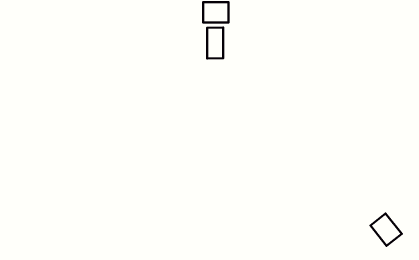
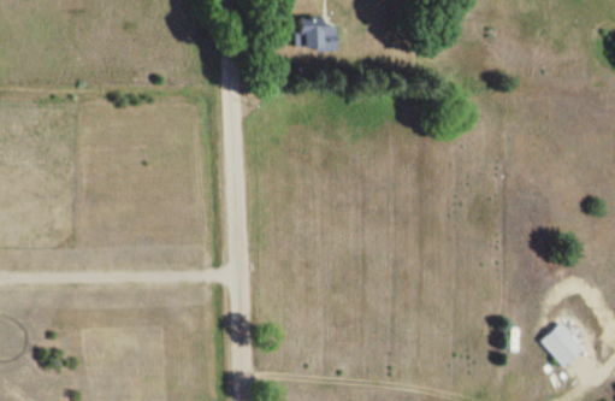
building: [207,28,223,58] -> none

